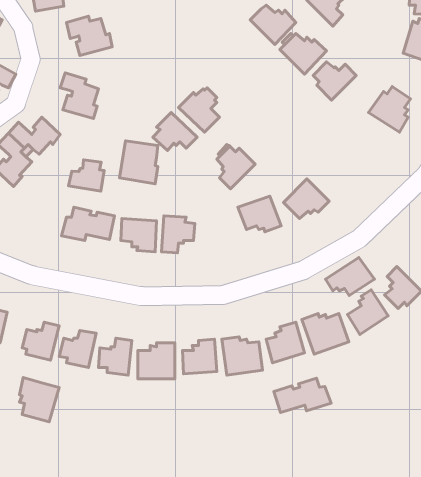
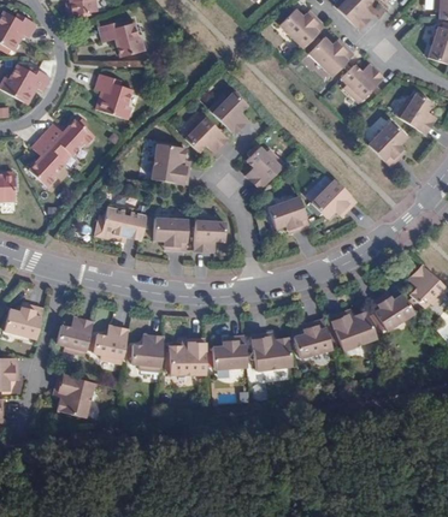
building: none -> [367,120,406,166]
building: [68,160,104,191] -> none
building: [326,257,374,296] -> none
building: [274,378,331,413] -> none

